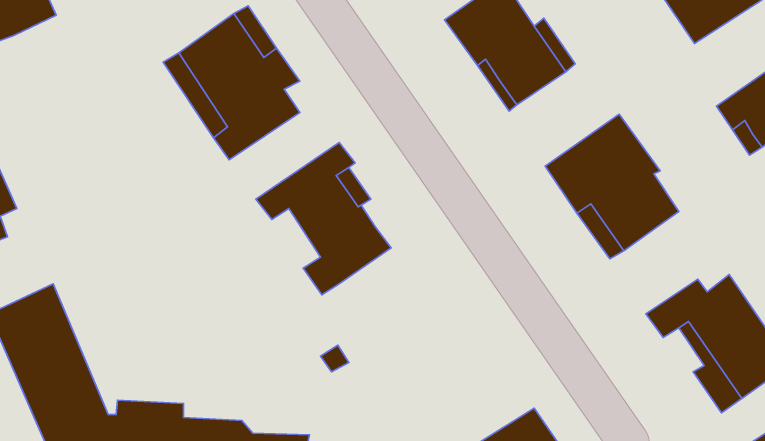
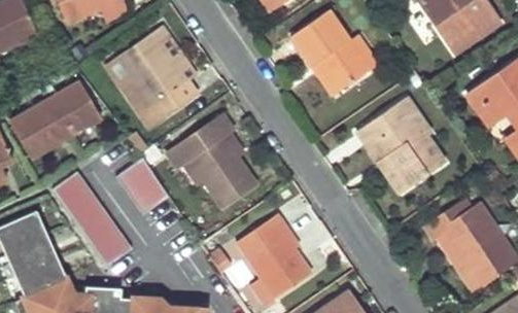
building: none -> [9,81,101,158]
building: none -> [114,156,168,214]
building: none -> [53,172,131,266]
building: none -> [237,214,311,304]

